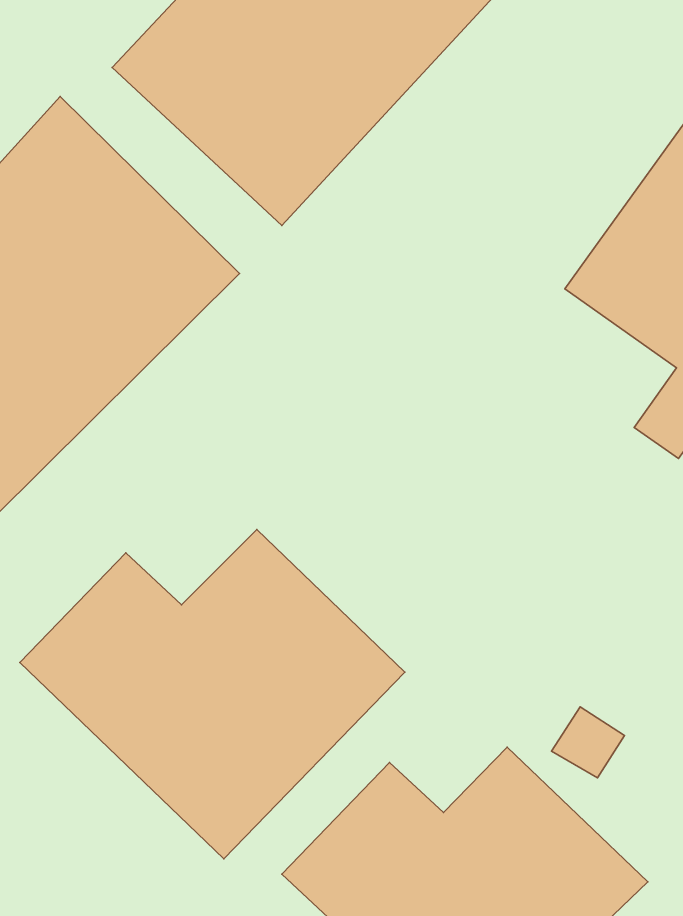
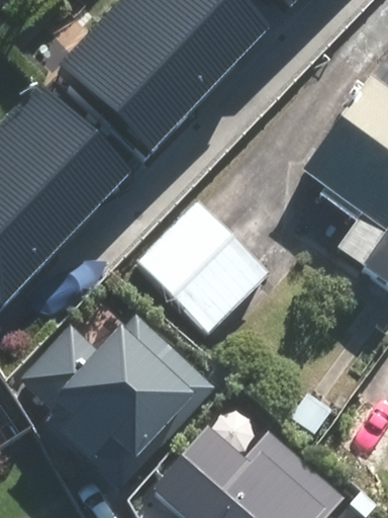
building: none -> [138,207,267,337]

